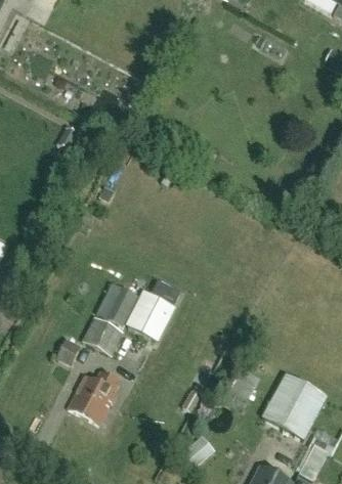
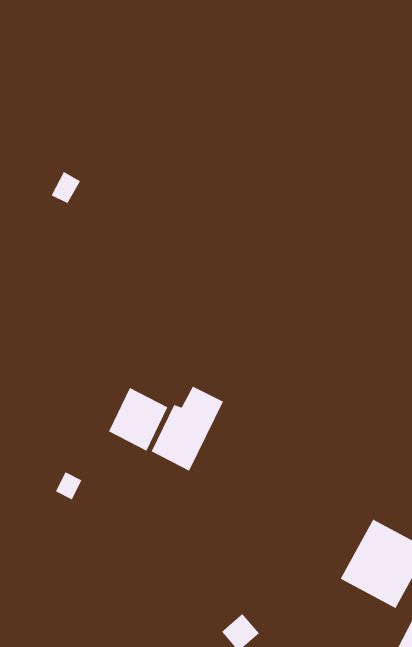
building: [84,317,122,352] -> none
building: [69,371,119,424] -> none

